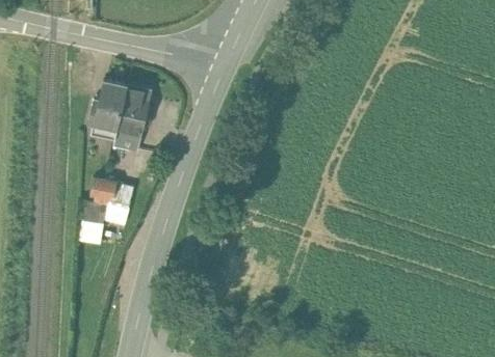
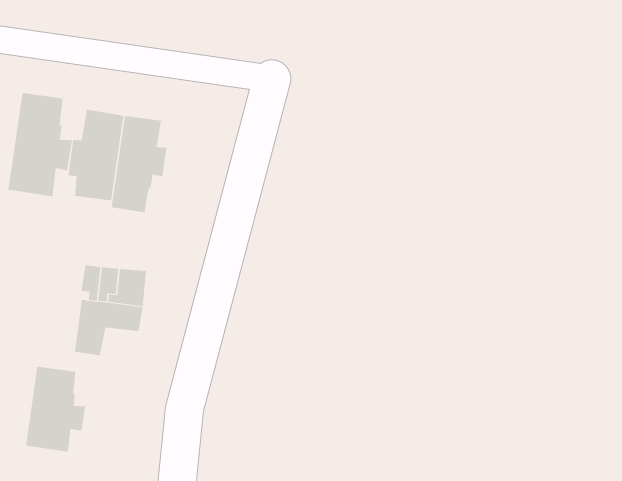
building: none -> [8,92,73,197]
building: none -> [25,366,86,453]

